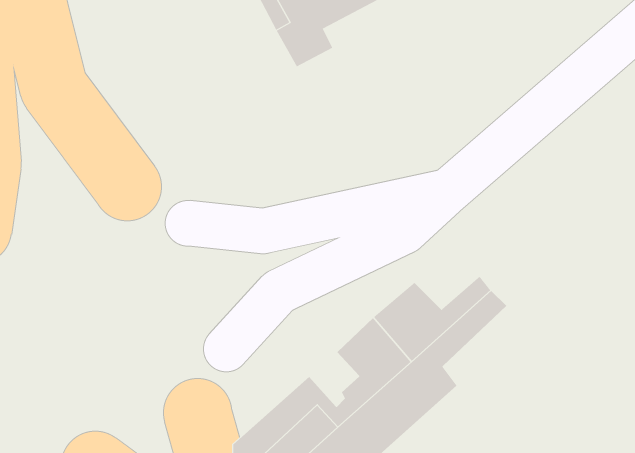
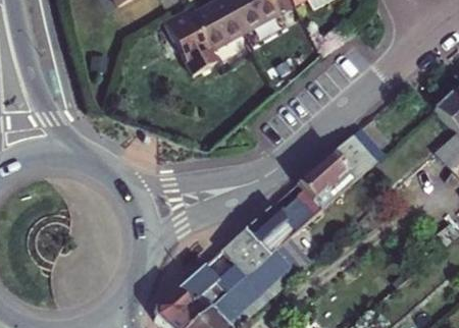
building: none -> [297,134,374,209]

